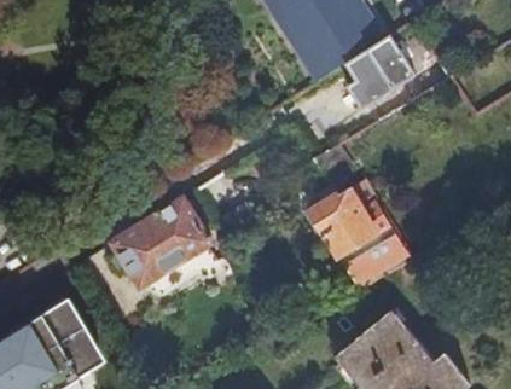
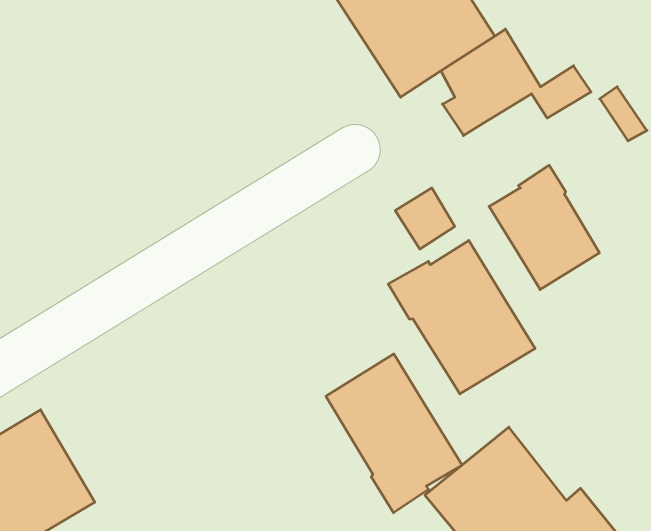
building: none -> [489,165,599,290]
building: [112,196,222,296] -> none
building: none -> [326,354,462,513]

